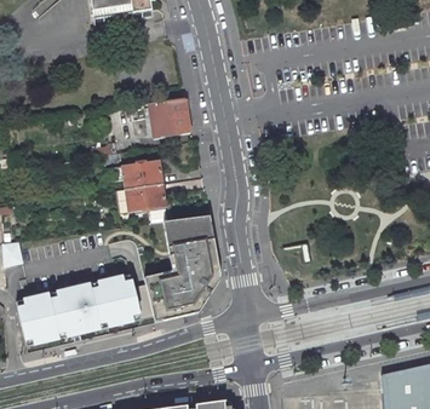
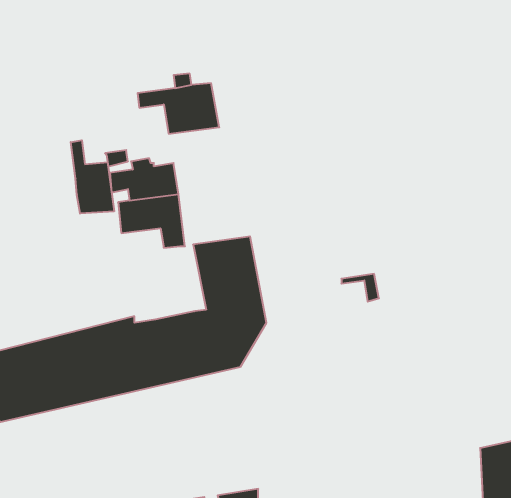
building: none -> [71,140,114,214]

